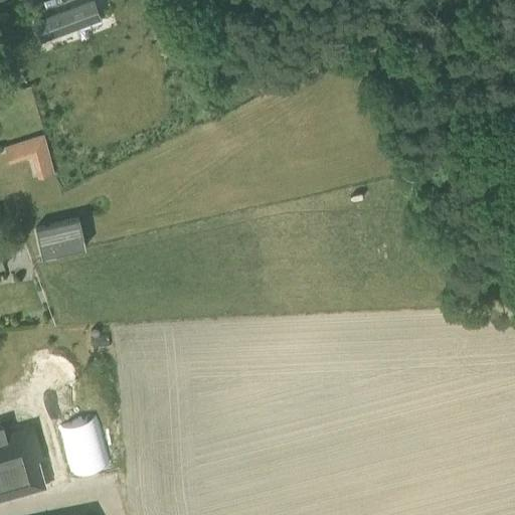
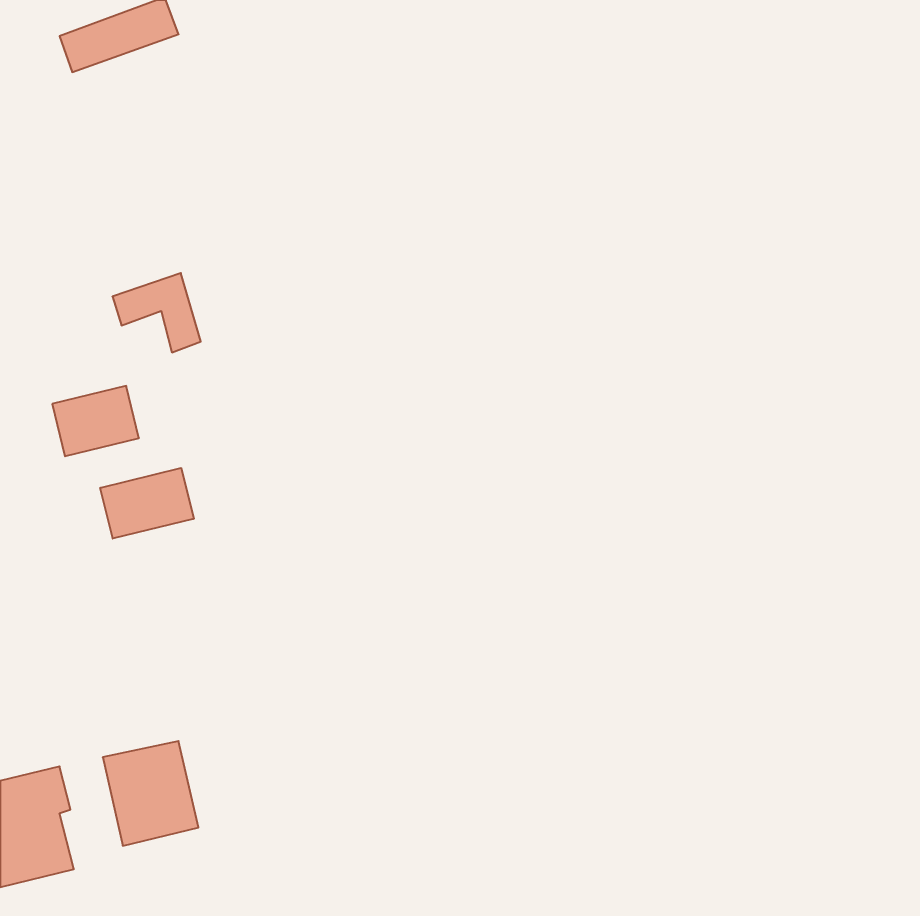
building: [5,136,54,180] -> [112,273,201,352]
building: none -> [100,468,194,539]

